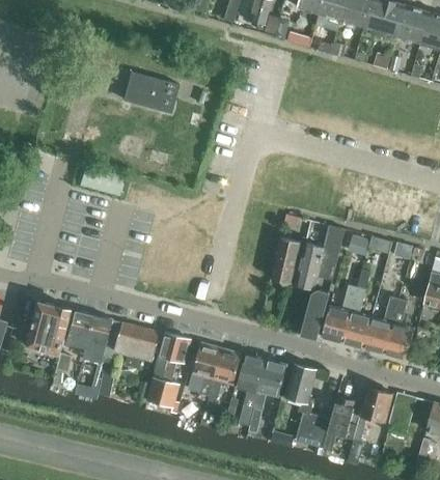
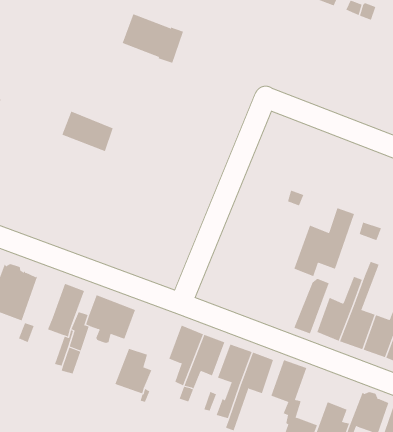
building: [270,237,301,282] -> none
building: [67,311,93,347] -> none
building: [156,334,189,371] -> none

